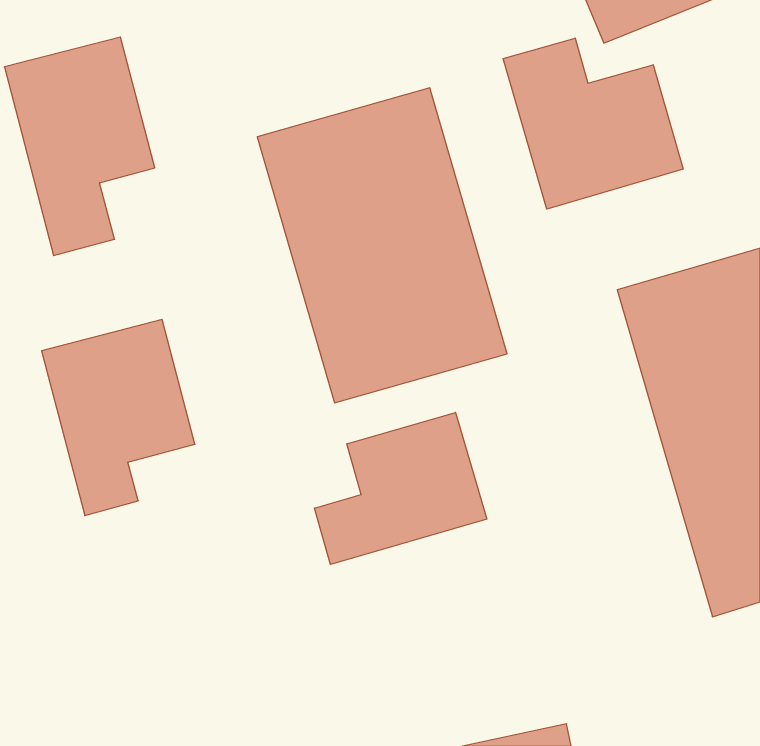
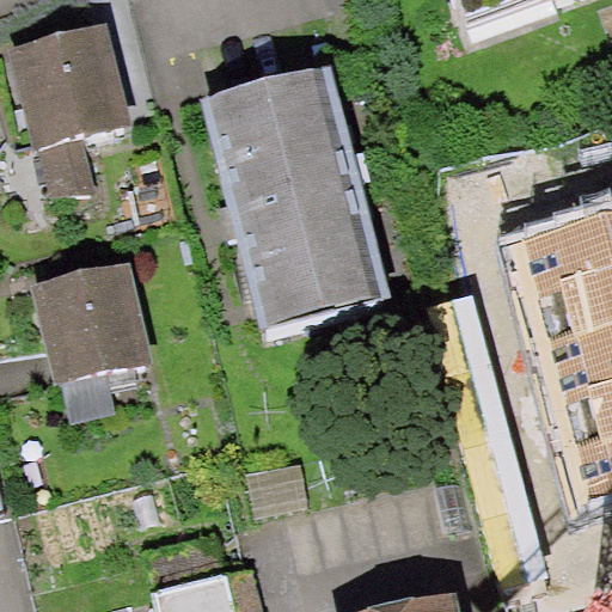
building: [503,38,683,209] -> none
building: [314,412,487,564] -> none

